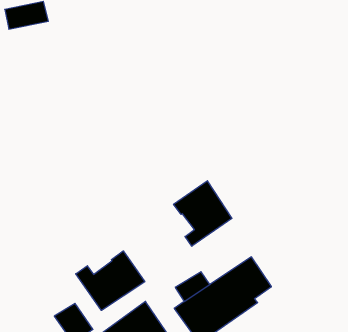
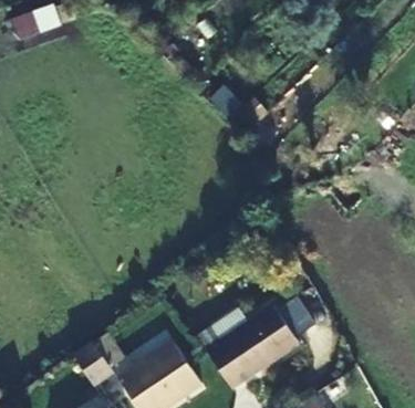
building: [174,181,232,246] -> none
building: [76,251,145,310] -> none

